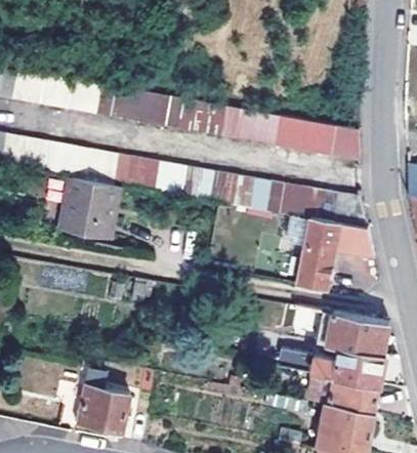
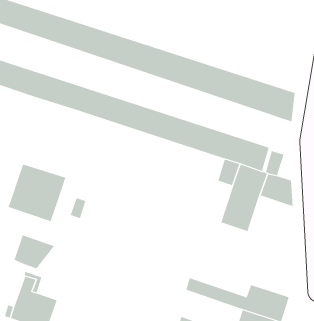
building: [58,174,118,234] -> [8,164,66,222]
building: [317,310,389,354] -> none
building: none -> [14,235,55,269]

